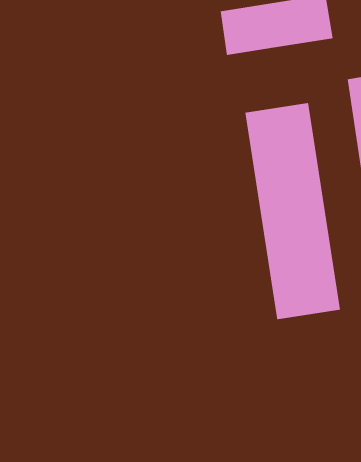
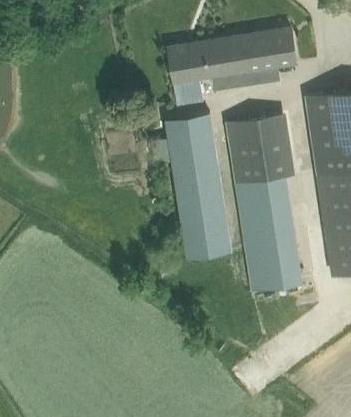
building: none -> [167,42,210,107]
building: none -> [165,115,231,260]

